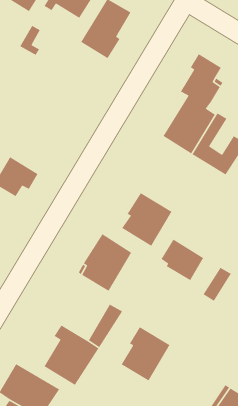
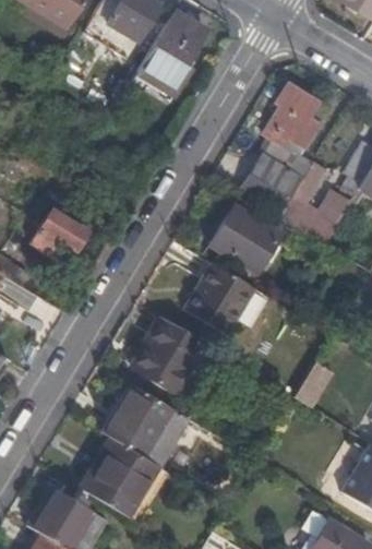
building: none -> [208,204,280,273]
building: [160,238,204,281] -> none
building: [120,326,171,382] -> [108,385,173,457]

